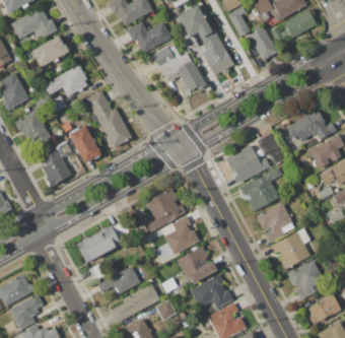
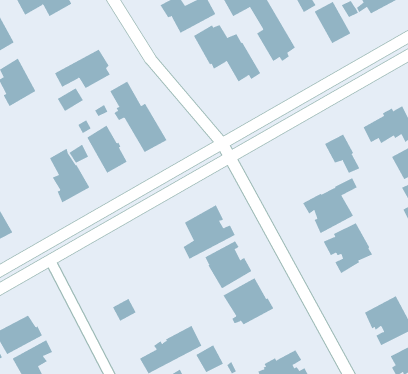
building: [32,36,70,67] -> none
building: [15,111,50,146] -> none
building: [225,144,270,184] -> none
building: [77,222,130,263] -> none
building: [272,227,312,269] -> none
building: [98,266,140,293] -> none
building: [191,274,233,309] -> none

